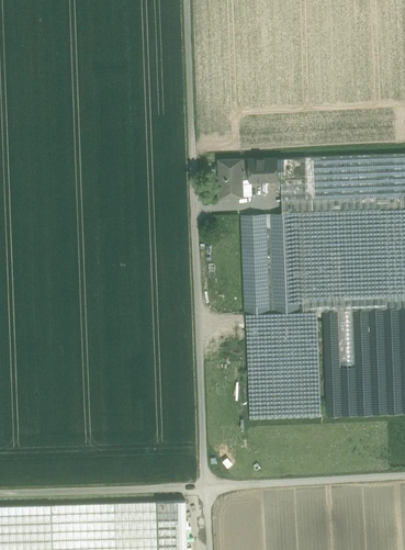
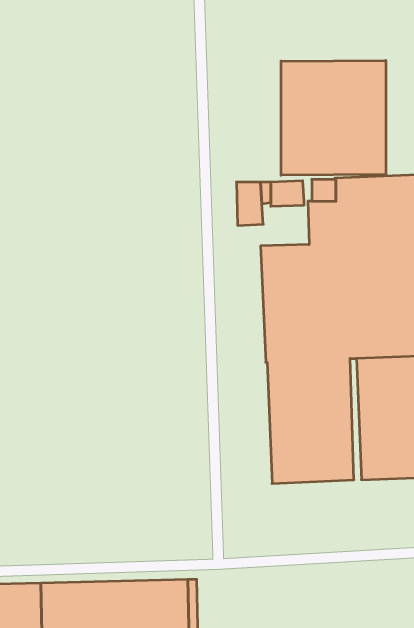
building: none -> [281,60,386,175]

